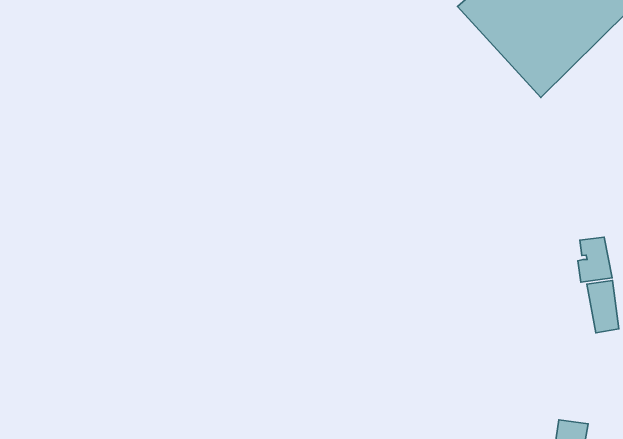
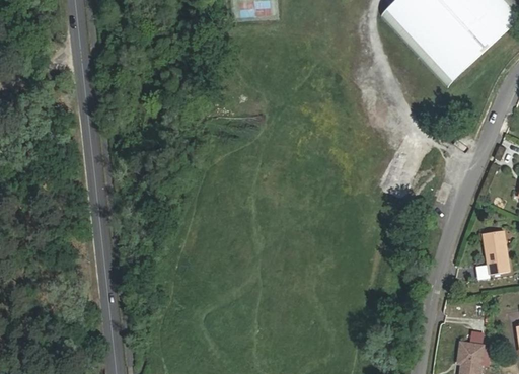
building: [578,237,612,282] -> none

